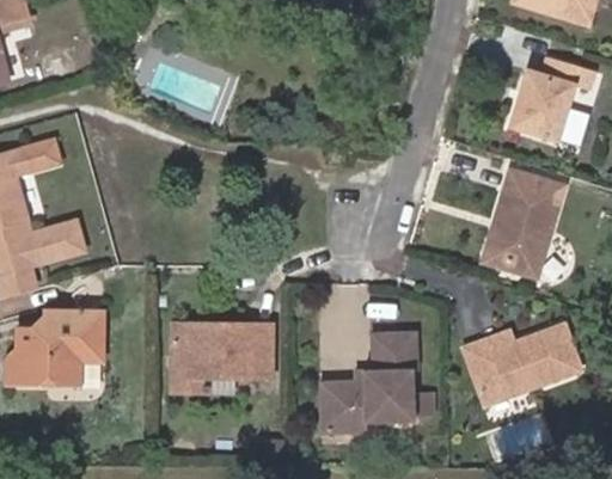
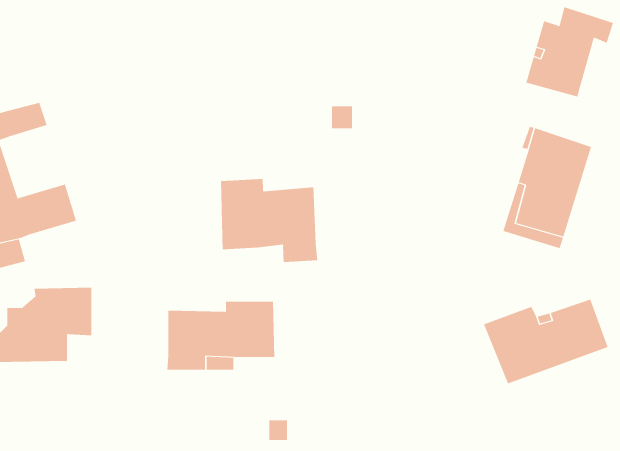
building: none -> [221,178,318,263]
building: [320,333,433,432] -> none

